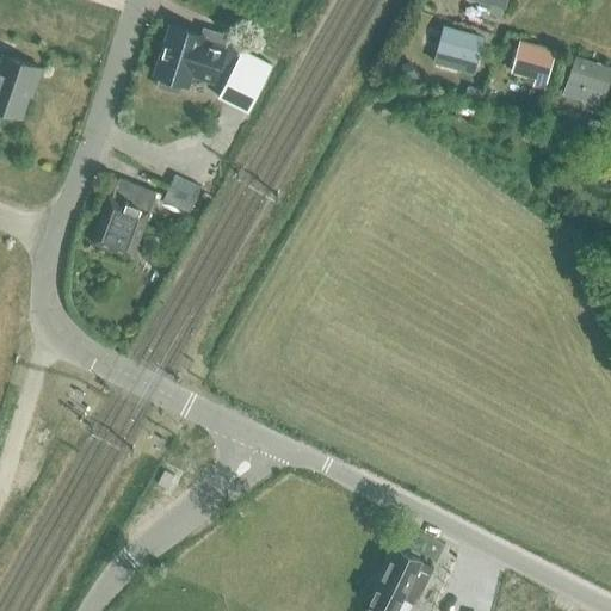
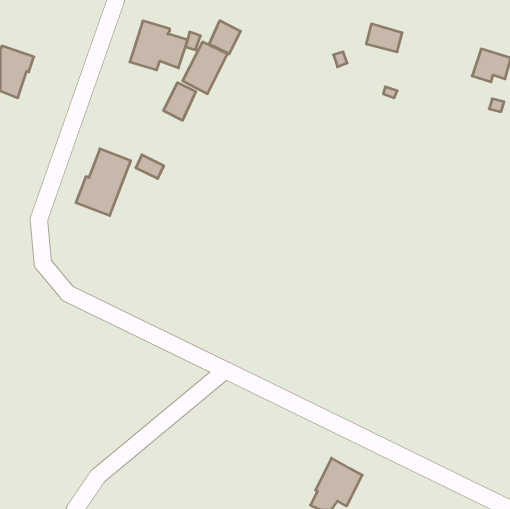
building: none -> [209,21,241,54]
building: [514,44,553,88] -> none
building: none -> [164,83,196,120]

